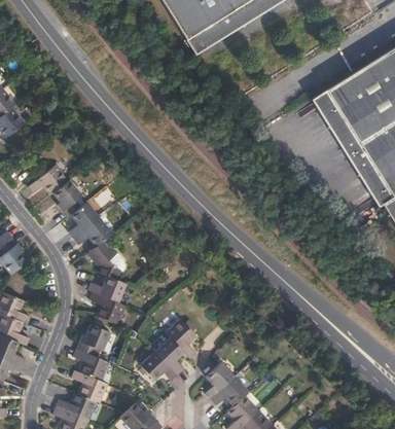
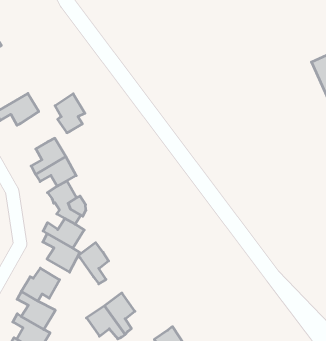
building: [52,180,81,217] -> [55,94,85,133]
building: [167,321,195,359] -> [78,243,109,284]

